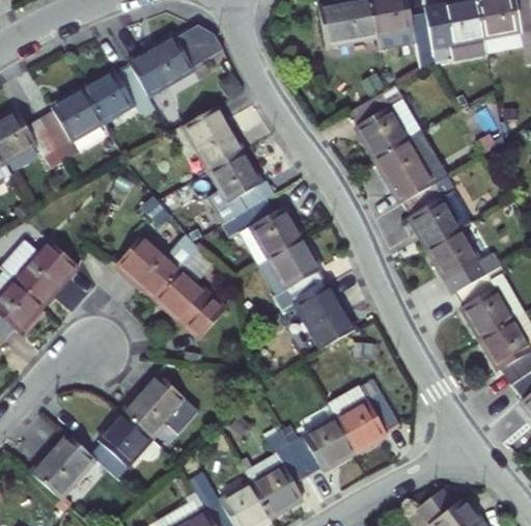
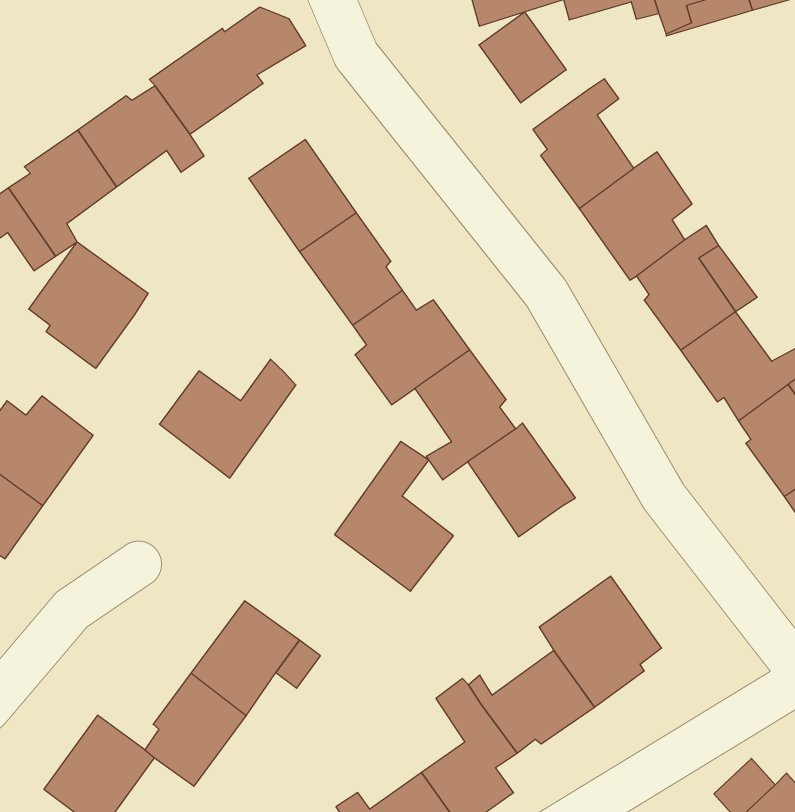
building: none -> [479,12,566,103]
building: none -> [29,242,148,368]
building: [155,249,224,337] -> [335,441,453,591]

